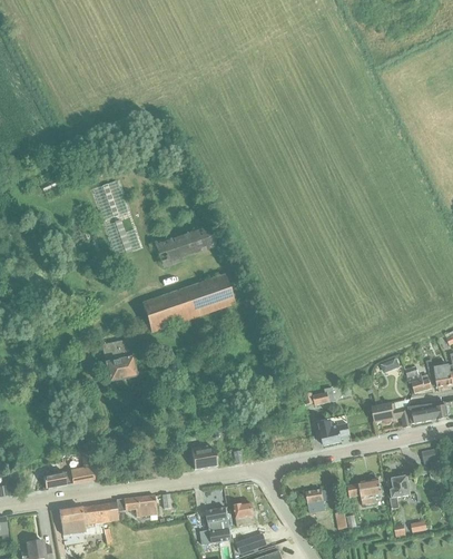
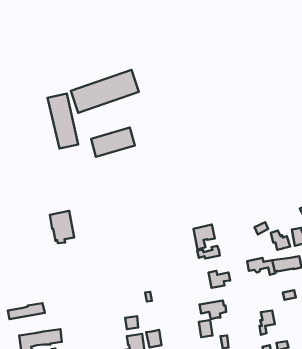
building: [140,273,234,332] -> [71,70,139,113]
building: none -> [193,225,215,249]
building: [189,444,216,469] -> none
building: [346,479,383,504] -> [199,301,226,319]
building: [115,494,155,516] -> none

